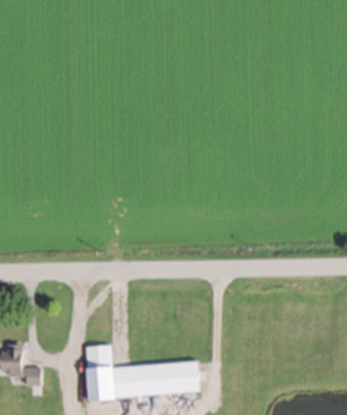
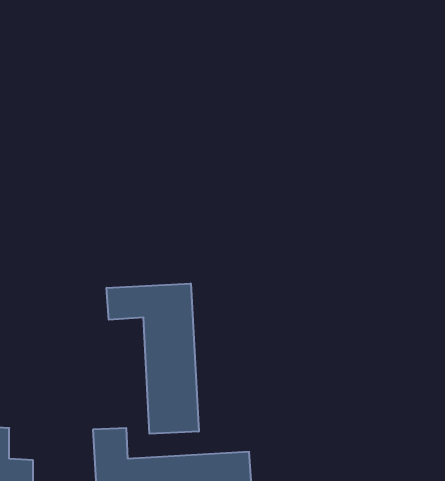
building: none -> [107,283,199,434]

